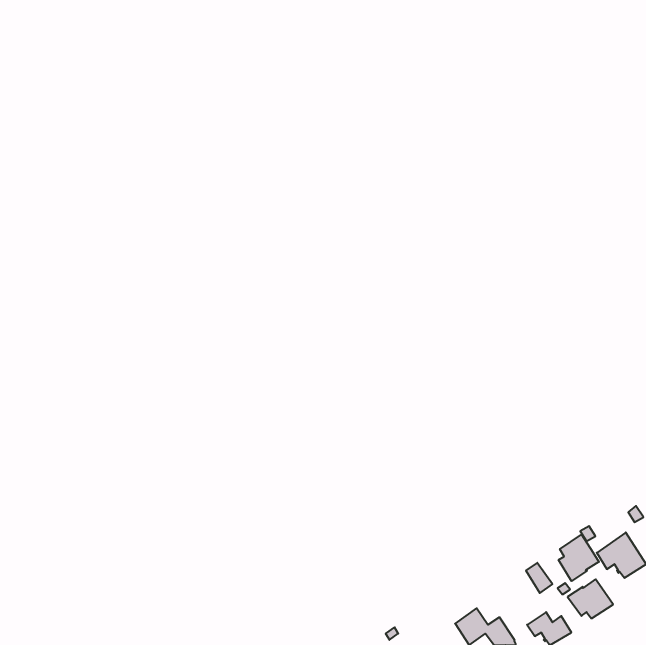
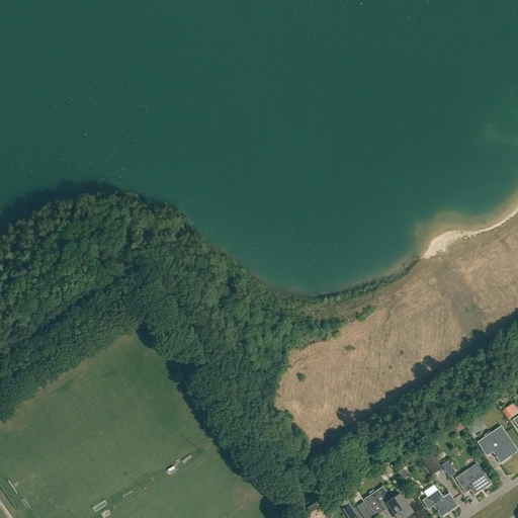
building: [559,534,599,581] -> none

